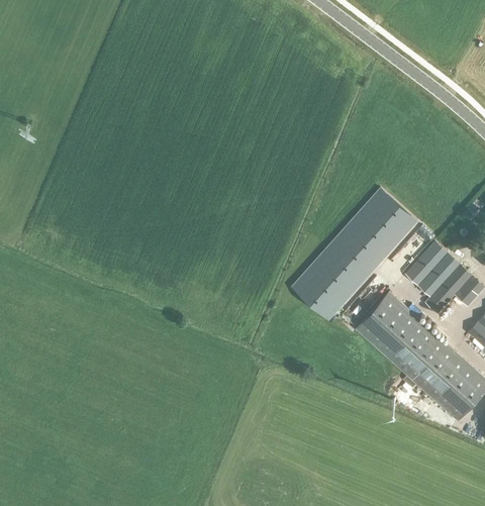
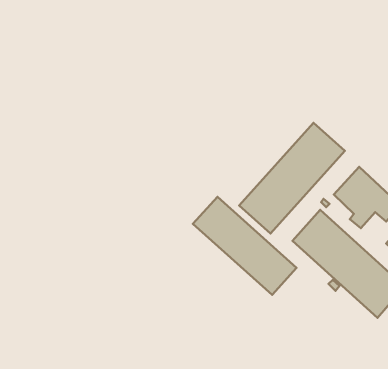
building: none -> [193,197,297,295]

